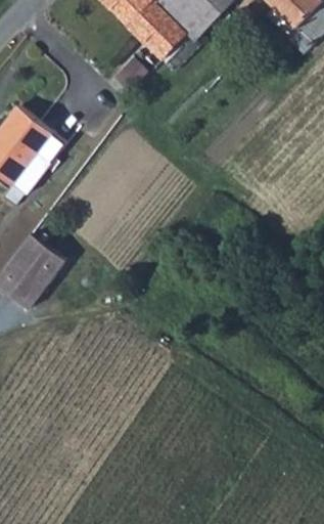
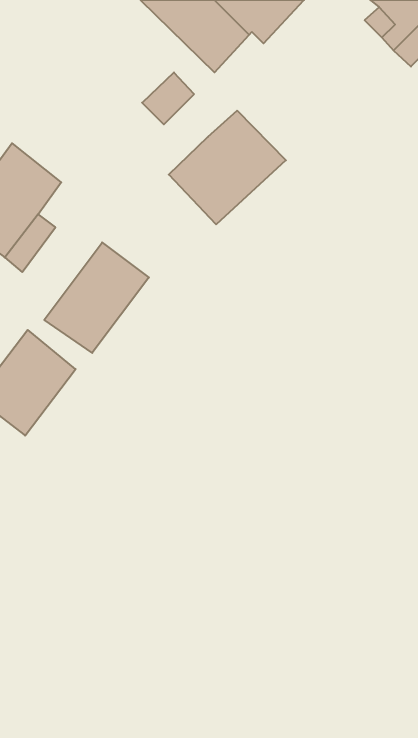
building: none -> [169,111,286,224]
building: none -> [44,242,149,353]

